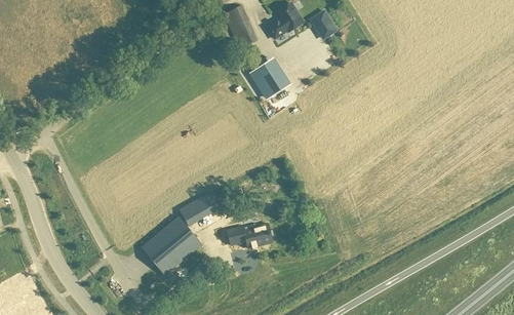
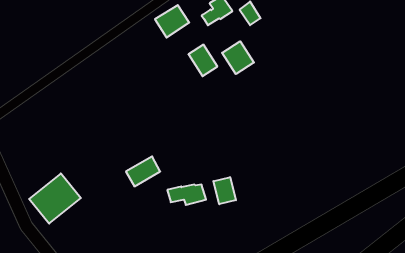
building: none -> [222,41,254,74]
building: none -> [213,177,236,204]
building: [142,215,202,274] -> [29,173,81,224]

